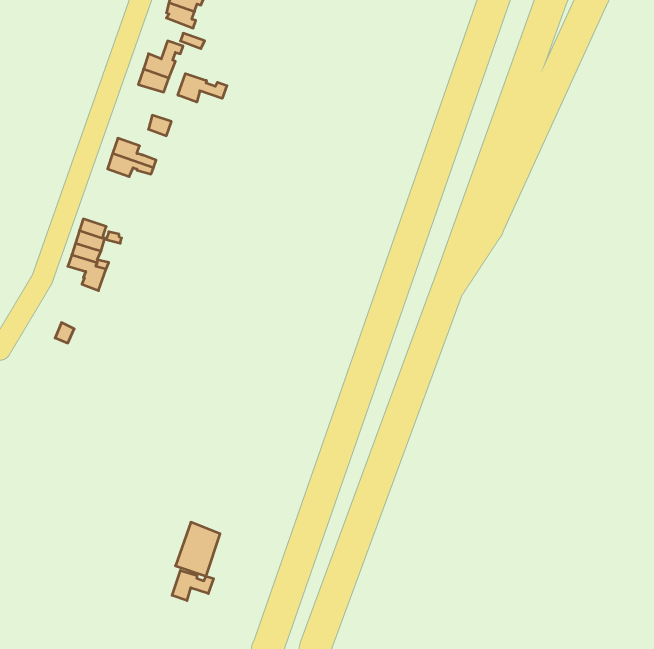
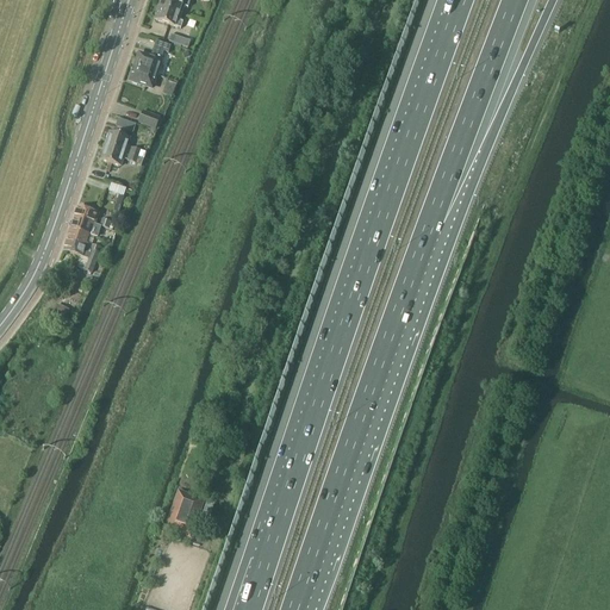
building: [178,74,227,102] -> none
building: [172,570,214,601] -> none

